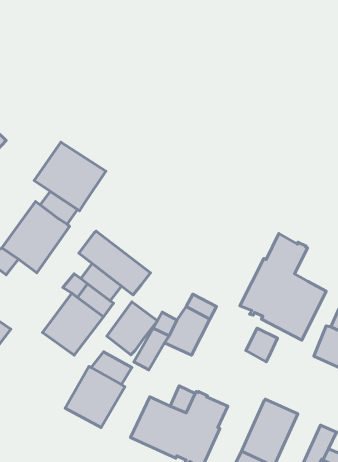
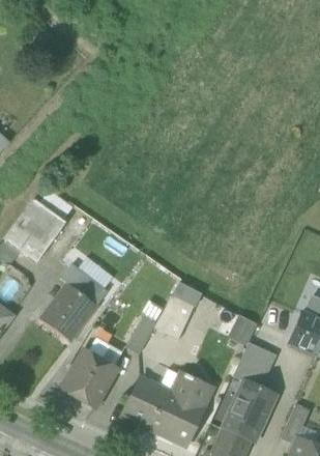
building: [34,142,106,211] -> none
building: [79,231,150,295] -> none
building: [240,233,326,340] -> none
building: [107,302,157,355] -> none
building: none -> [233,342,274,387]

